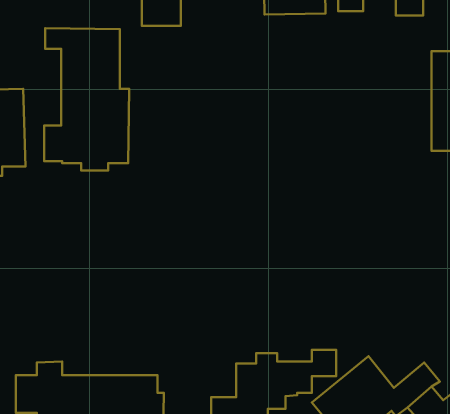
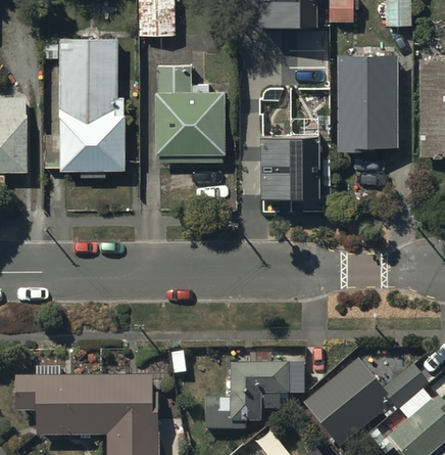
building: none -> [338,53,397,152]
building: none -> [155,61,227,162]
building: none -> [260,135,317,197]

